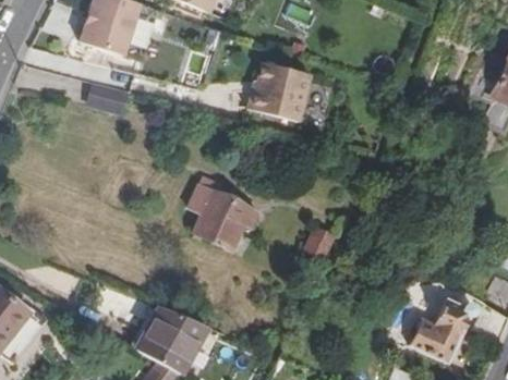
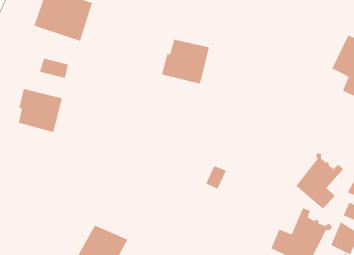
building: none -> [18,88,62,133]
building: [185,191,243,253] -> none
building: none -> [296,152,344,210]

